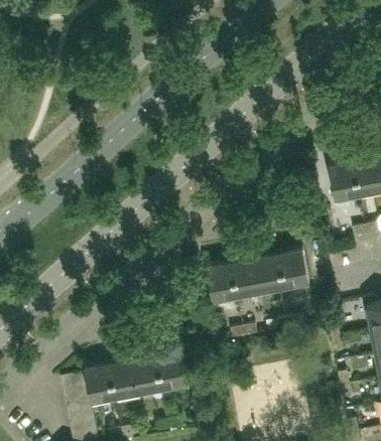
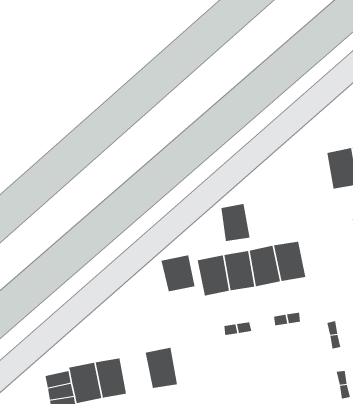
building: none -> [221,203,250,242]
building: none -> [161,255,195,292]
building: [132,357,162,397] -> none

